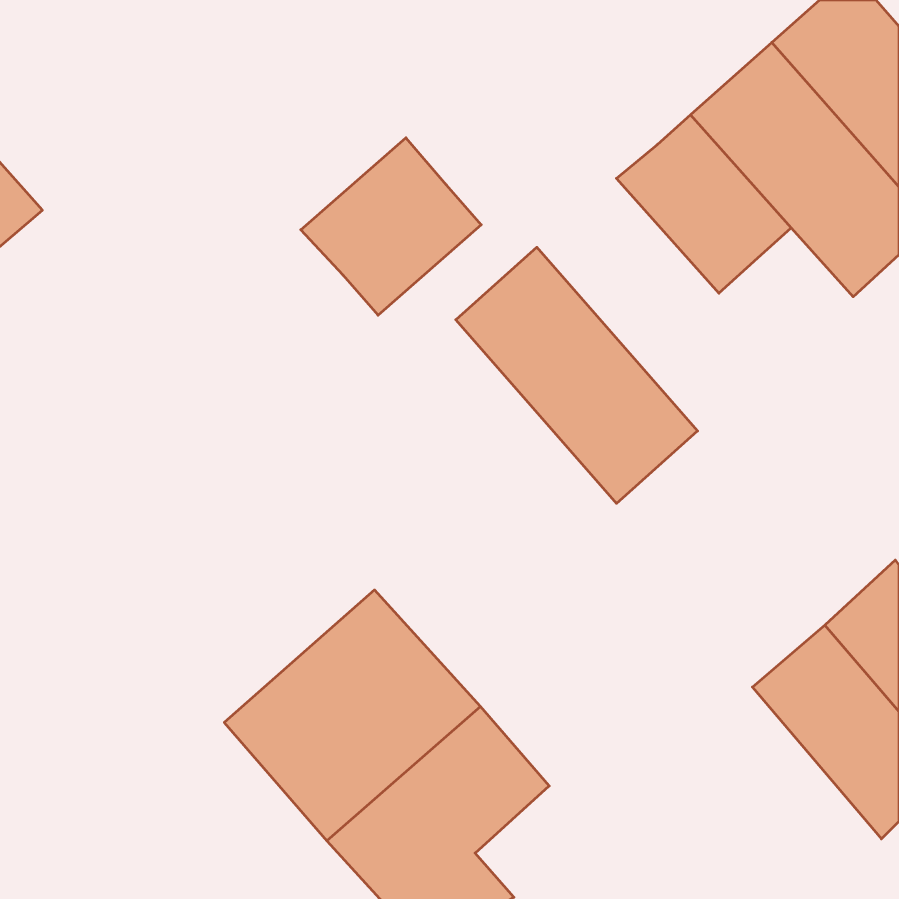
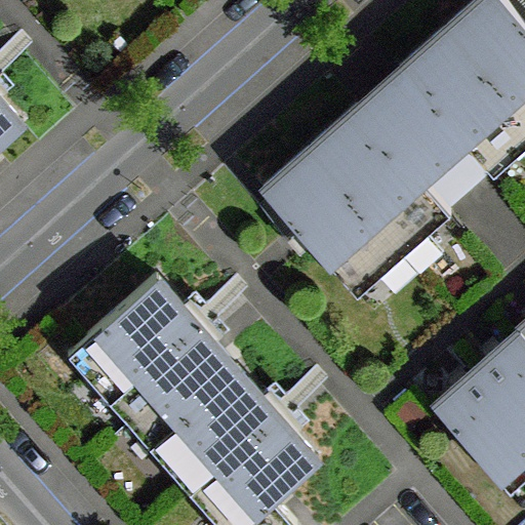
building: [301,138,481,315] -> none
building: none -> [312,106,451,252]
building: none -> [69,274,217,421]

